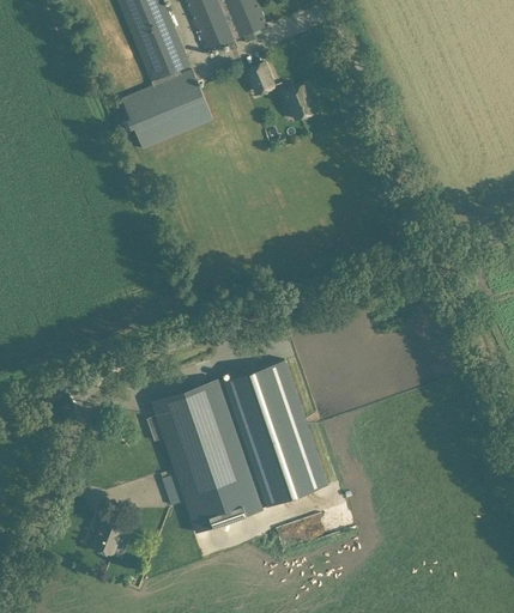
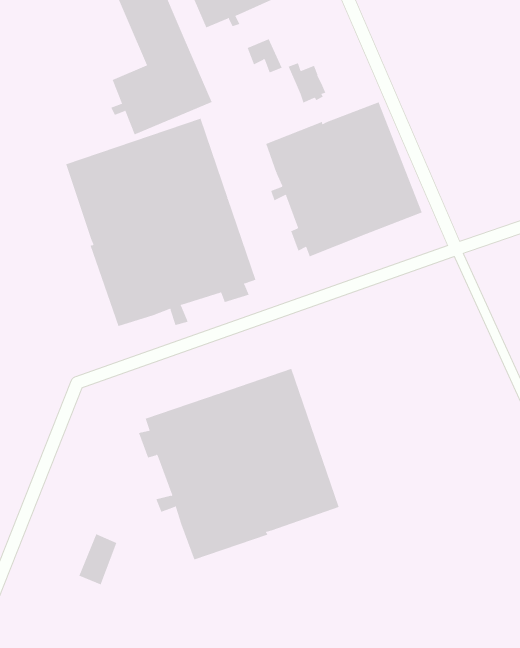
building: none -> [265,102,422,257]
building: none -> [65,118,256,327]

